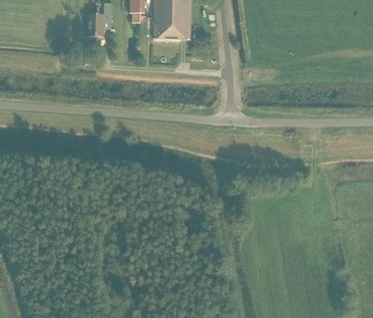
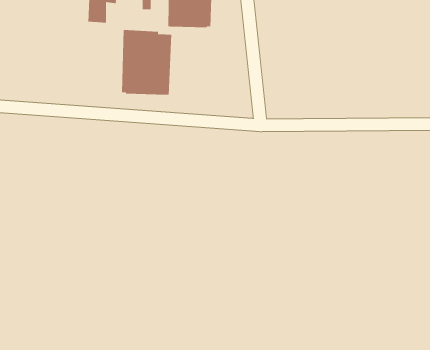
building: none -> [121,29,172,95]

